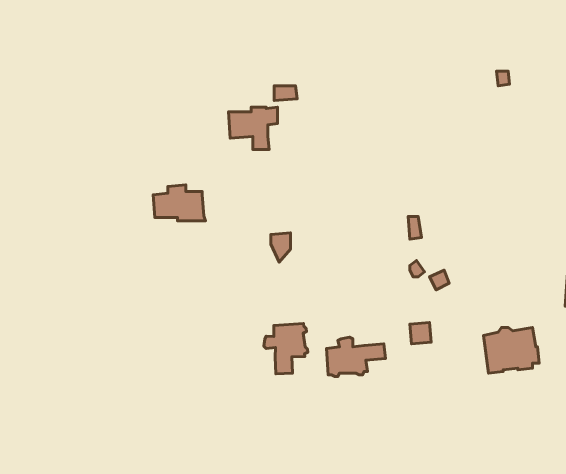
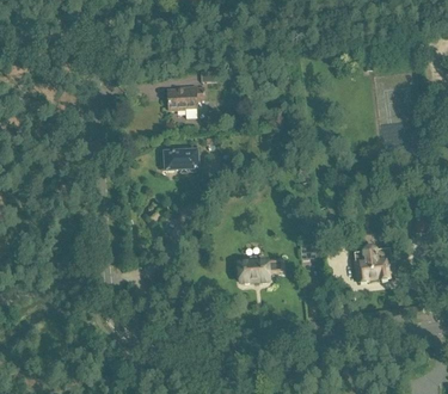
building: [153,185,205,221] -> [161,143,200,170]
building: [264,323,308,374] -> none

